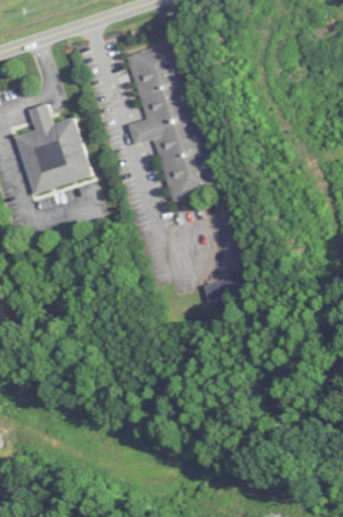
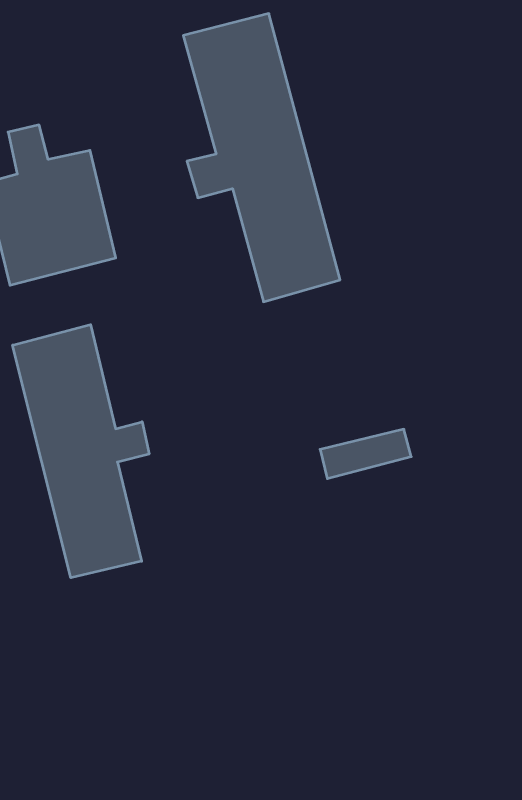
building: none -> [13,325,149,578]

